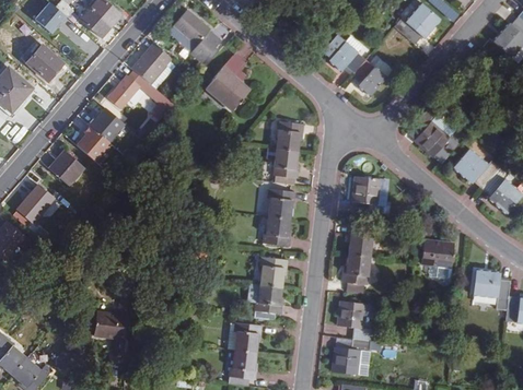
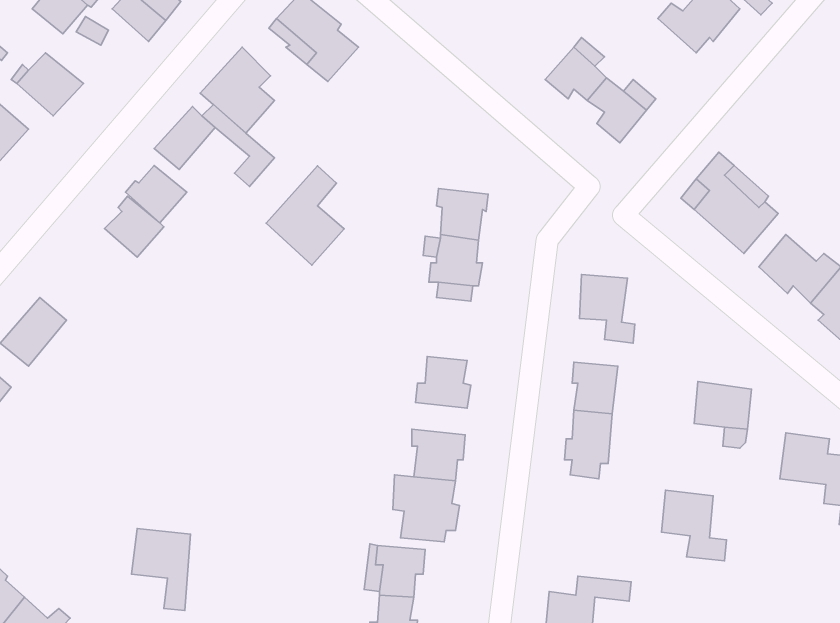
building: [201,56,246,113] -> [266,166,344,265]
building: [50,150,85,185] -> none
building: [260,190,291,220] -> none
building: [334,305,371,345] -> [662,490,727,561]

